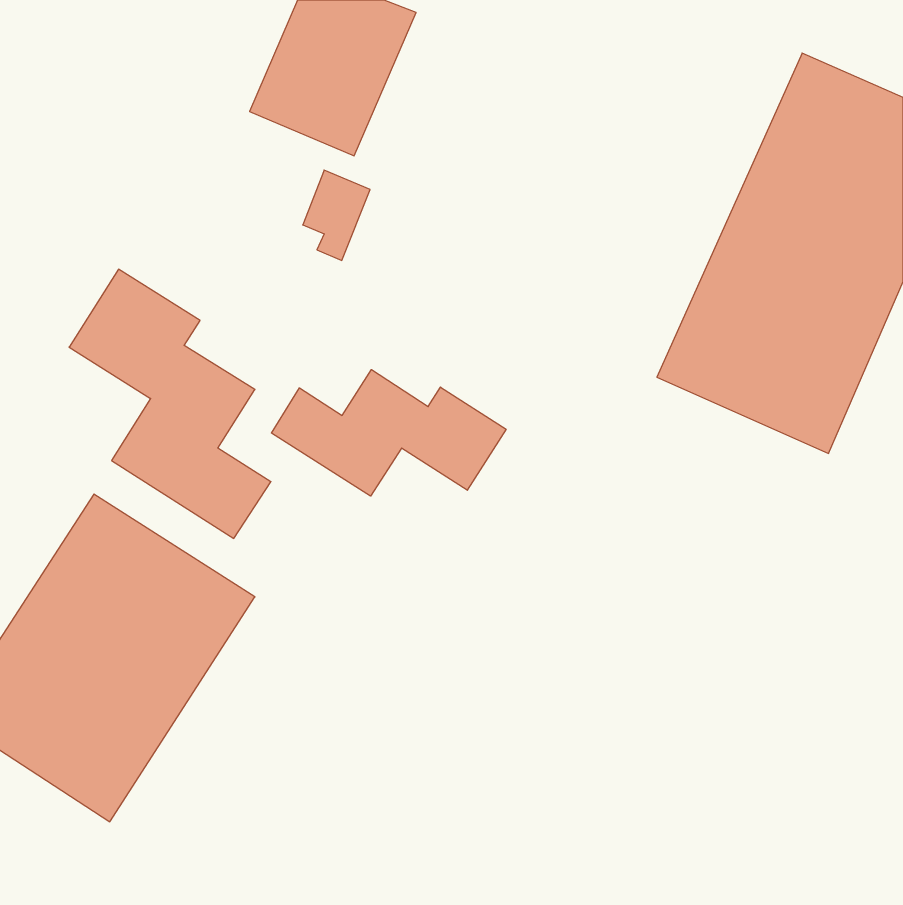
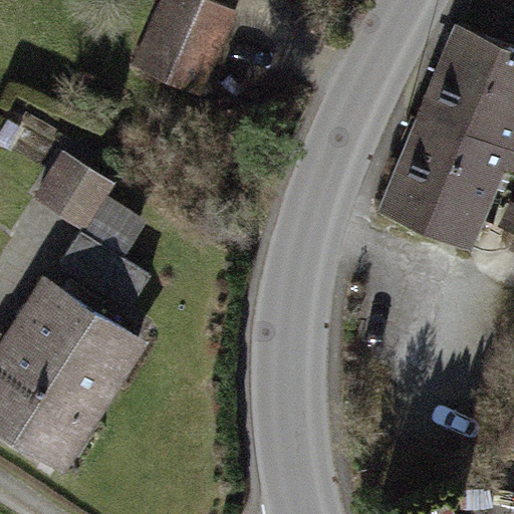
building: [271,370,506,496] -> none

